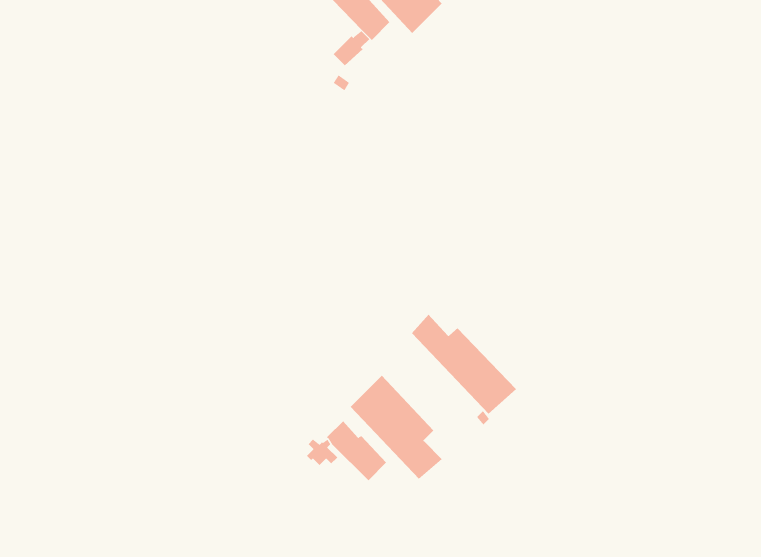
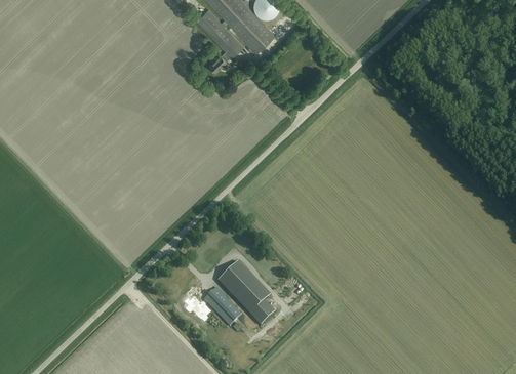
building: [411,314,517,414] -> none

